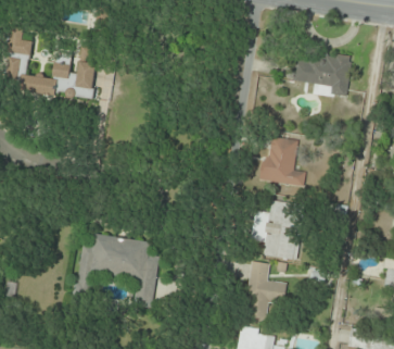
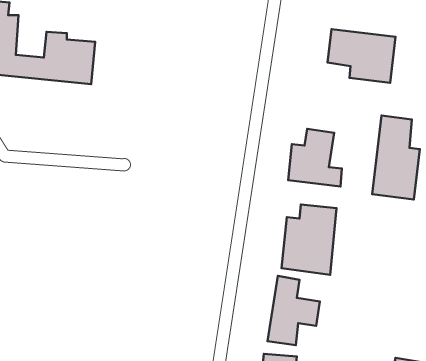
building: none -> [372,115,420,200]
building: [76,234,160,306] -> none

